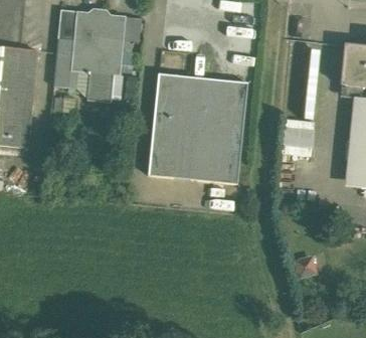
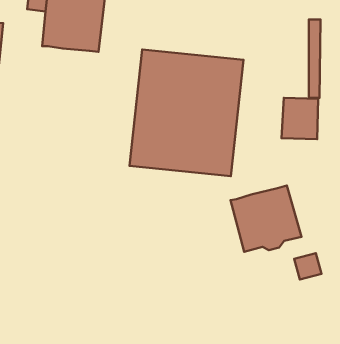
building: [54,38,76,87] -> none
building: [86,72,113,102] -> none
building: none -> [231,185,301,252]

